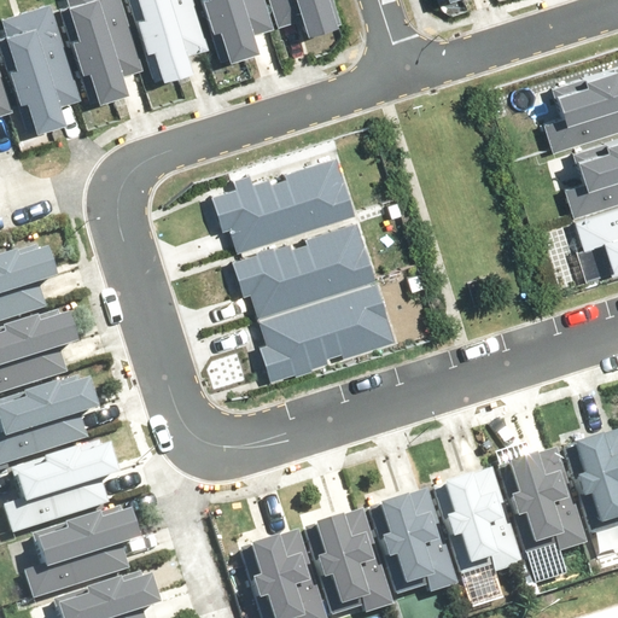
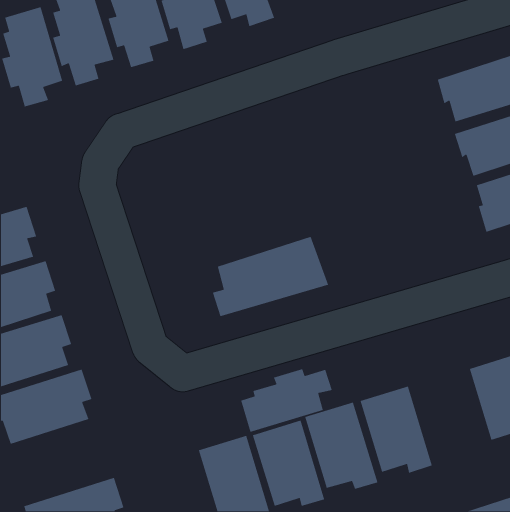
building: [212,159,355,253] -> none
building: [235,226,378,320] -> none
building: none -> [240,368,333,433]
building: [499,443,588,549] -> none
building: [11,509,132,602] -> none

